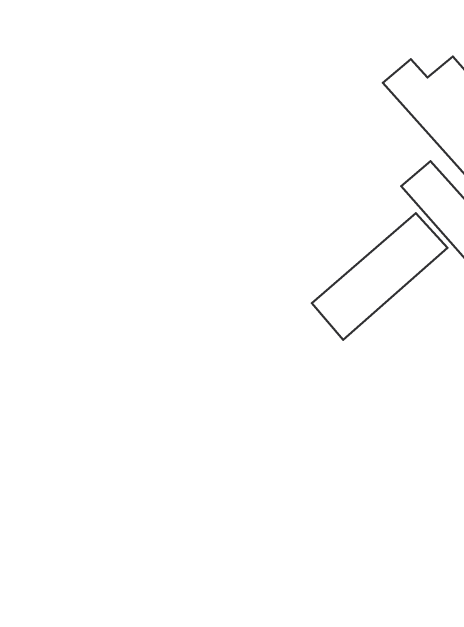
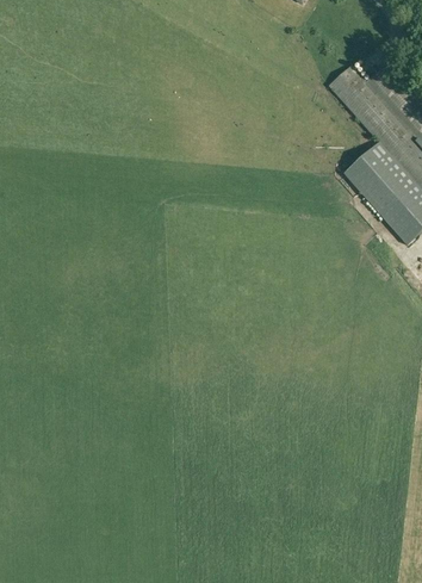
building: [312,213,447,340] -> none

